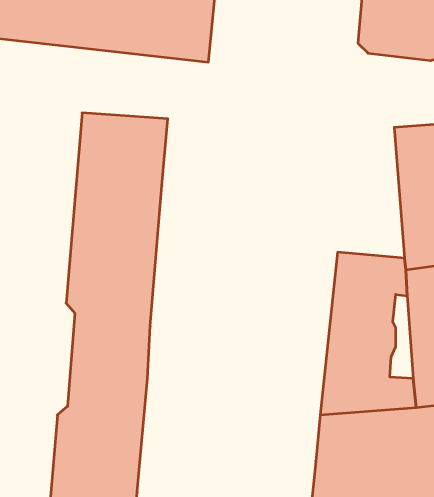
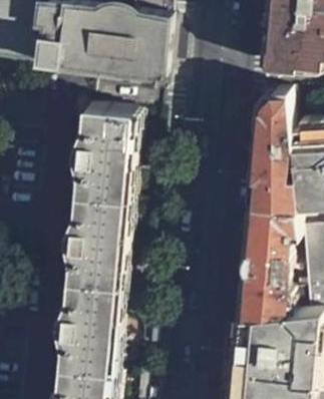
building: none -> [251,94,297,210]

